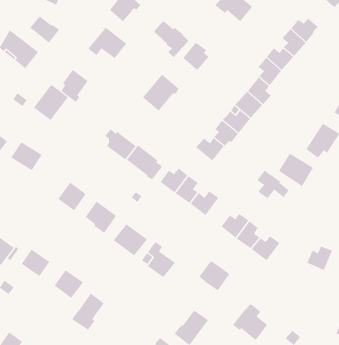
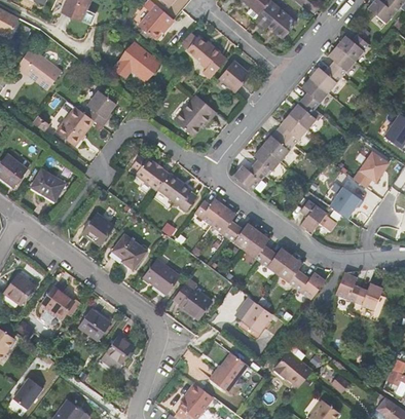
building: [30,16,60,44] -> none
building: none -> [245,230,270,261]
building: none -> [335,271,361,301]

